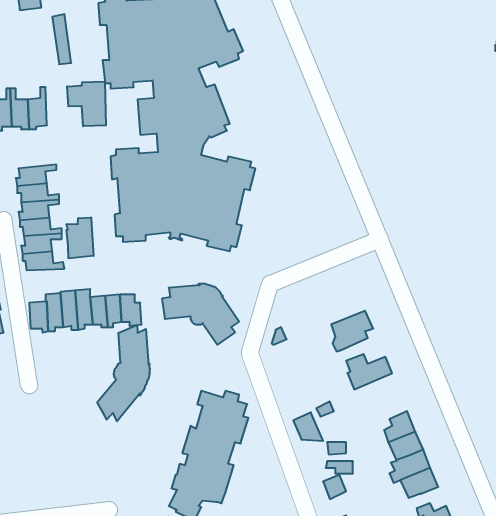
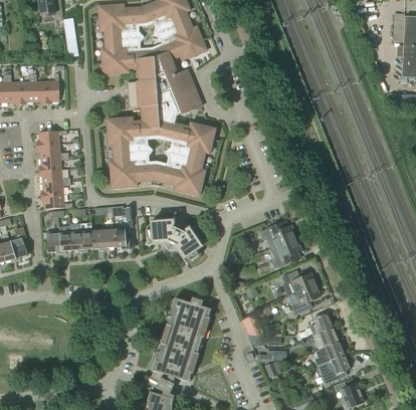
building: [67,81,106,126] -> none
building: [66,217,94,258] -> none
building: none -> [258,221,295,248]
building: [97,325,150,421] -> none
building: none -> [287,284,320,315]

